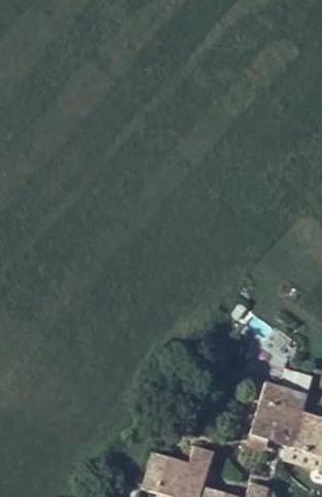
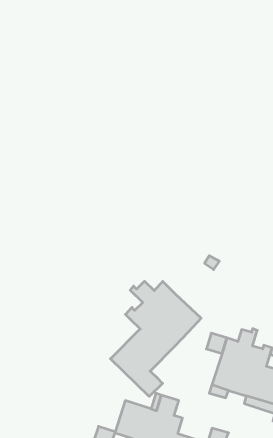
building: none -> [110,281,201,396]

